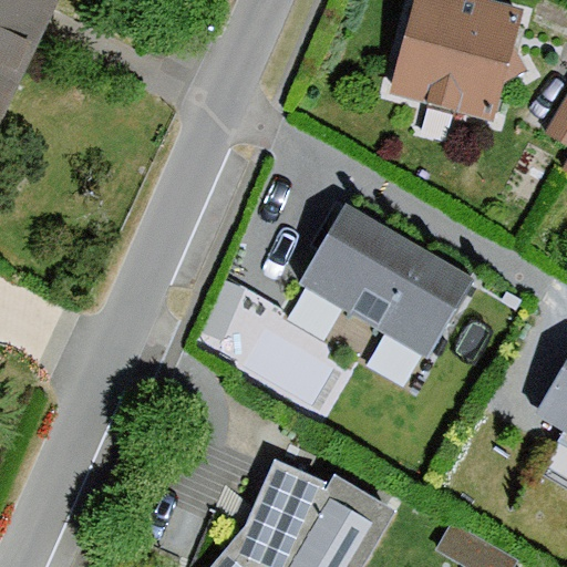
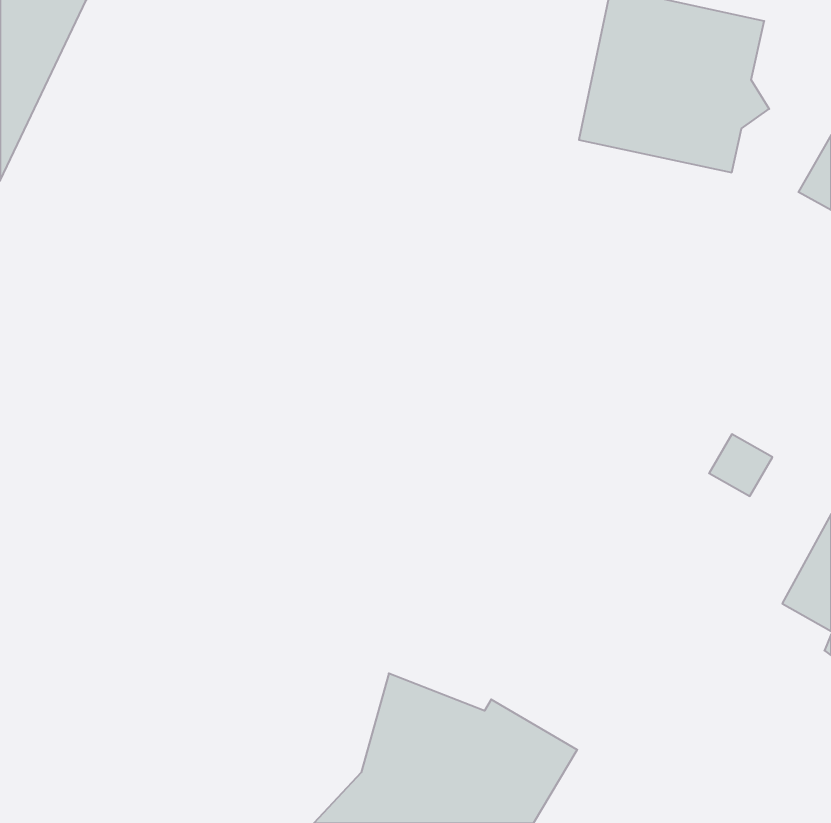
building: [302,208,477,355] -> none

